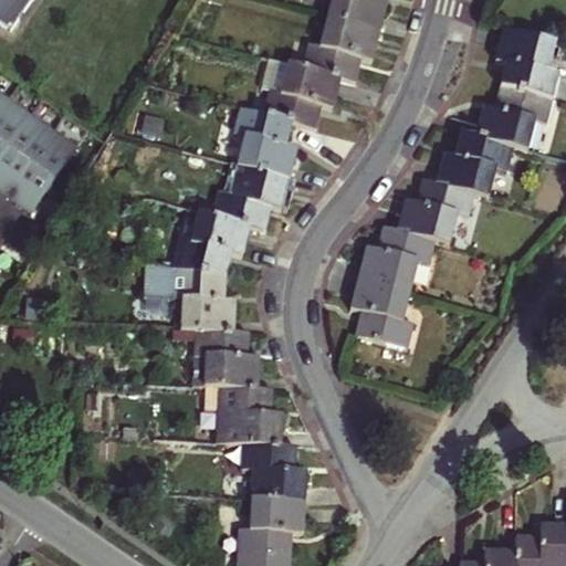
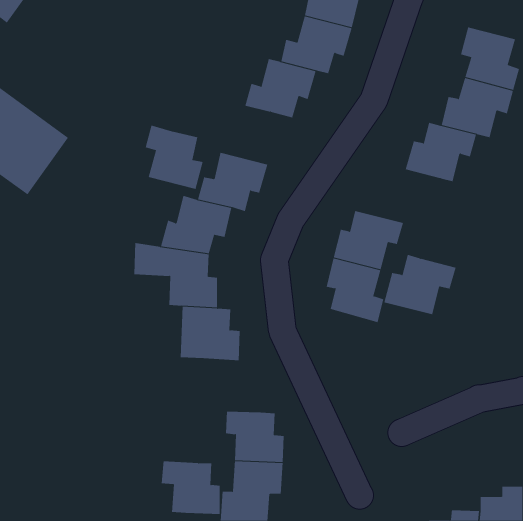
building: [233,107,296,177] -> [145,125,203,190]
building: [396,178,474,243] -> [383,254,456,315]
building: [217,386,281,443] -> [161,461,220,514]

